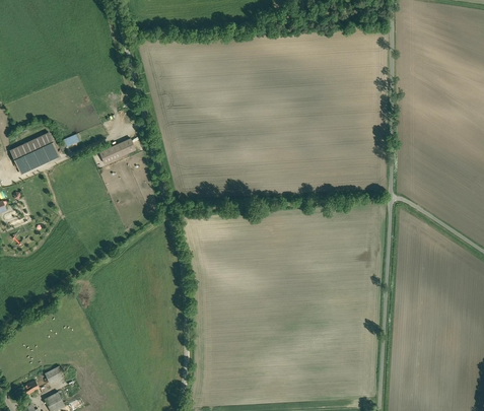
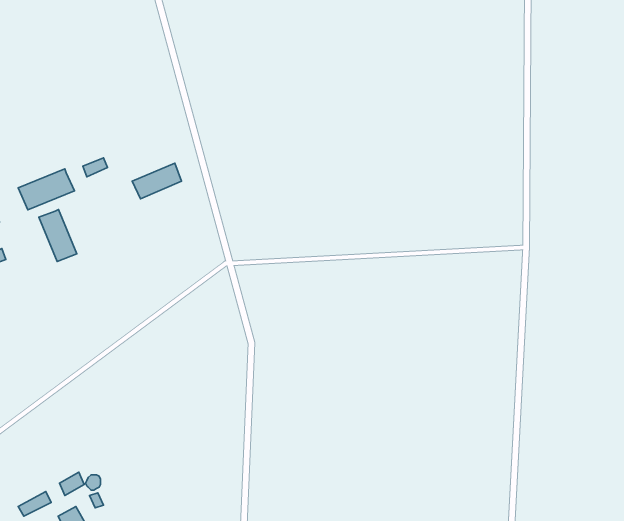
building: none -> [39,210,77,262]

